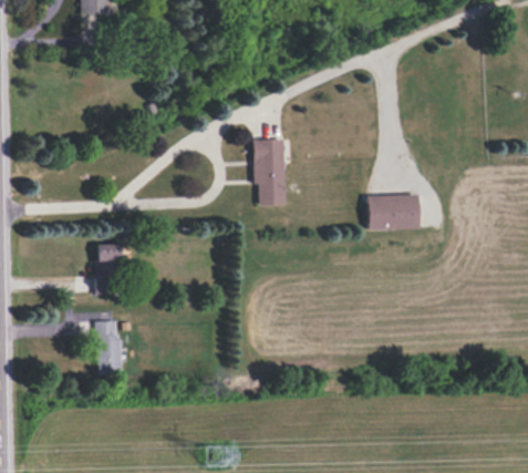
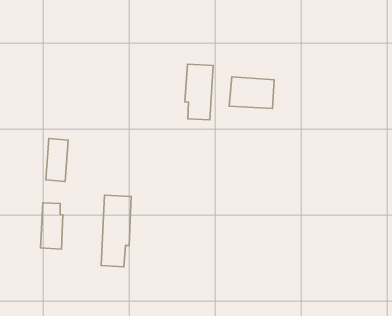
building: [367,194,420,230] -> [229,77,274,108]
building: none -> [101,195,131,267]

